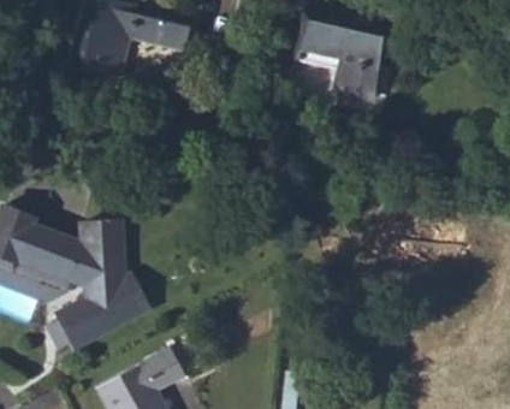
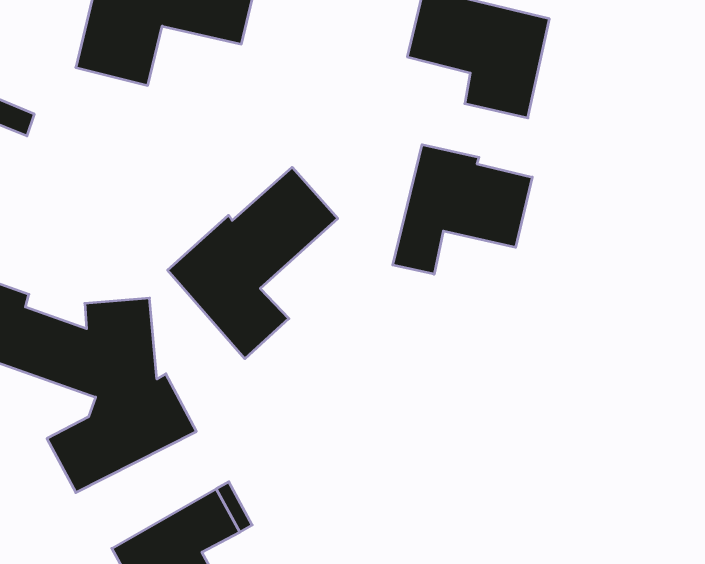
building: none -> [393,145,532,274]
building: none -> [168,167,338,359]

